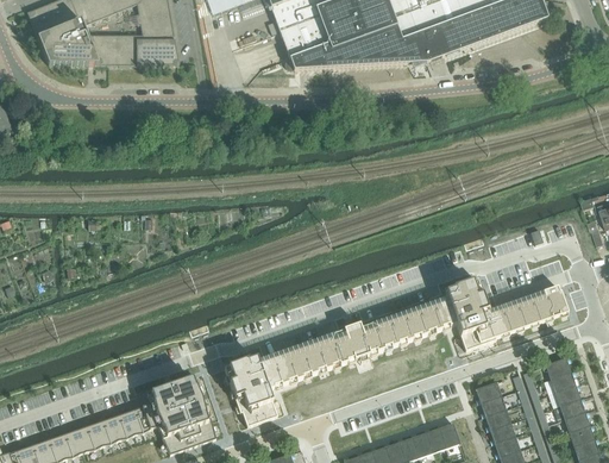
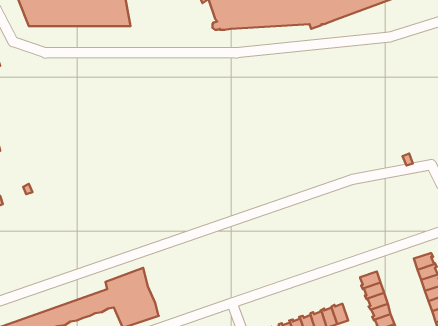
building: [225,279,569,426] -> none

